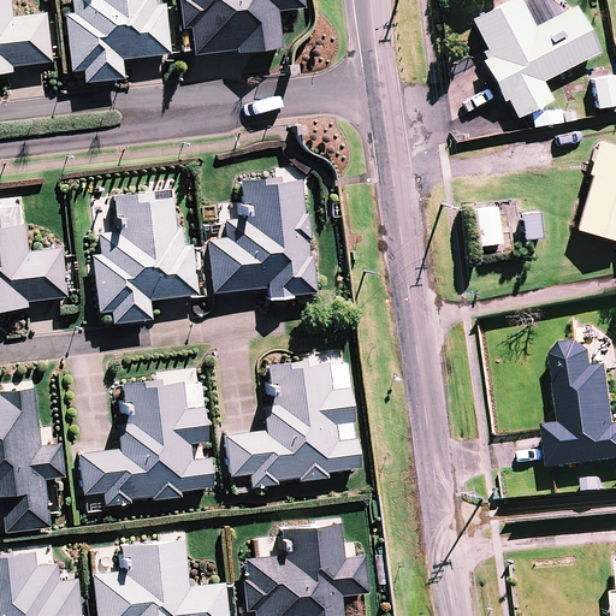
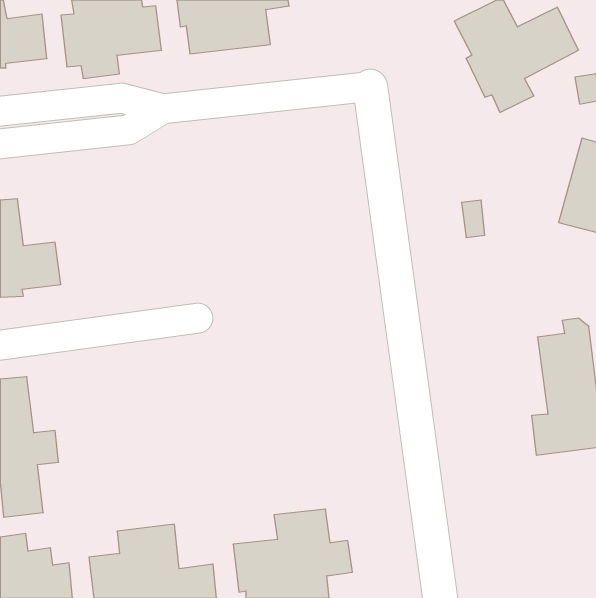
building: [211,178,313,297] -> none
building: [91,189,195,320] -> none
building: [229,356,354,485] -> none
building: [82,375,208,504] -> none

